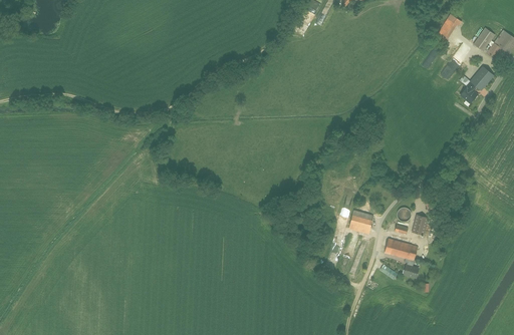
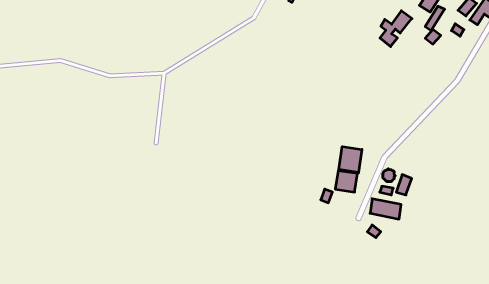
building: [461,66,494,103] -> [380,11,412,47]
building: none -> [339,147,362,173]

